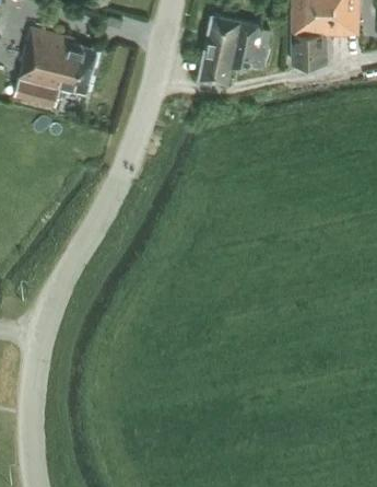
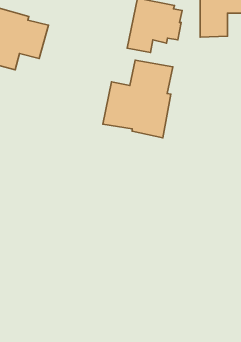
building: none -> [103,60,173,138]

